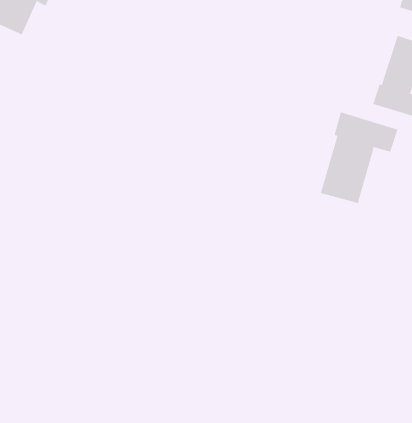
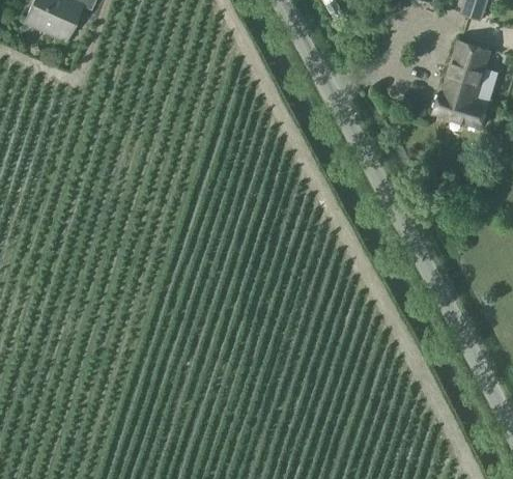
building: [320,112,398,204] -> none

